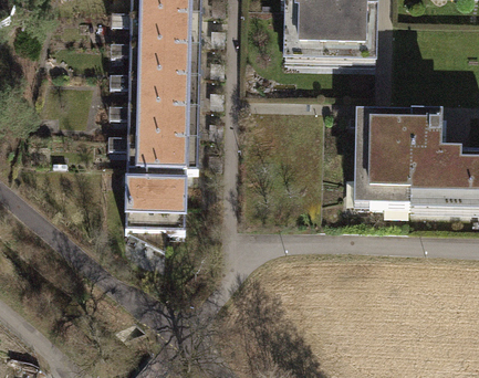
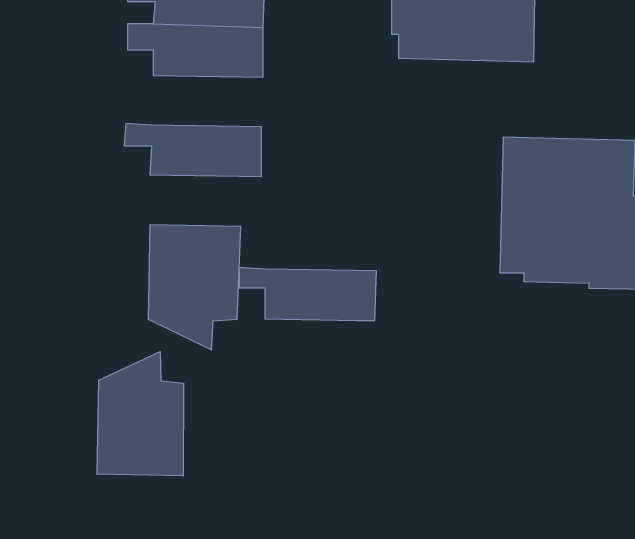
building: [113,70,201,104] -> none
building: [112,134,200,168] -> [239,267,376,321]
building: none -> [97,352,183,476]

